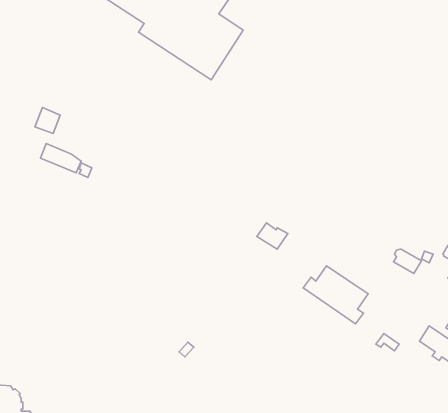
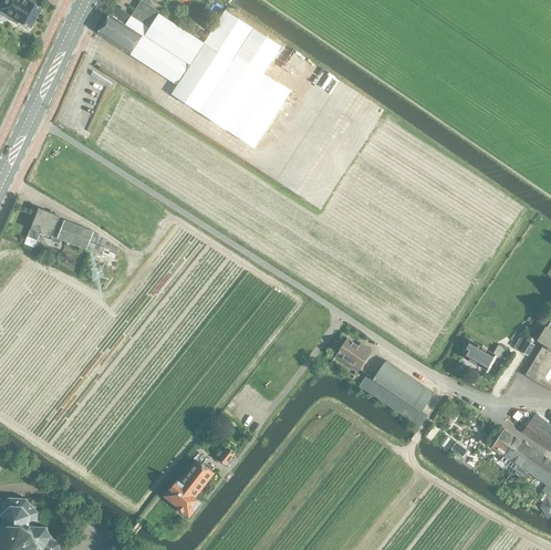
building: [35,107,60,134] -> [29,208,58,238]
building: [257,223,288,249] -> [335,339,371,369]
building: none -> [163,452,211,517]

